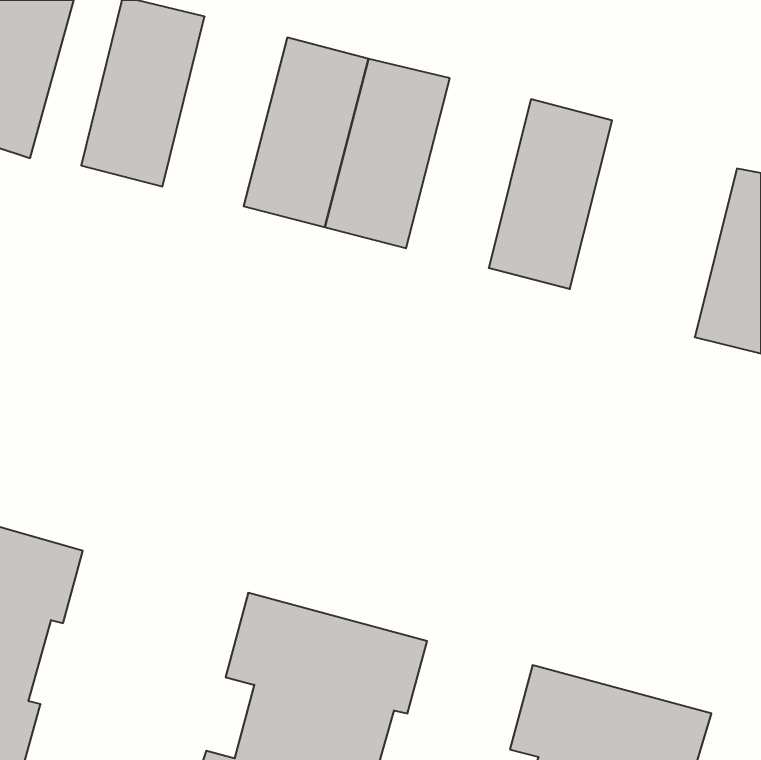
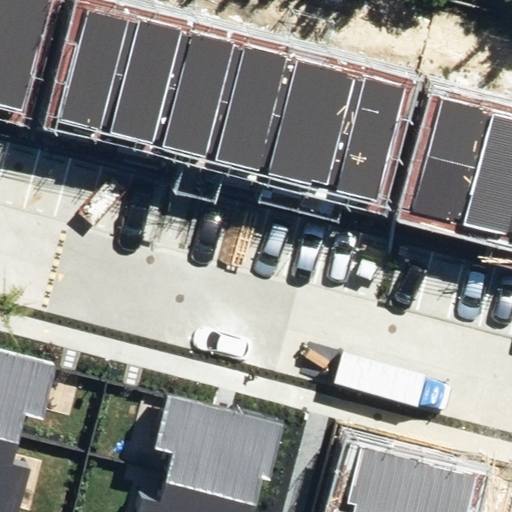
building: none -> [108,17,191,143]
building: none -> [270,58,353,184]
building: none -> [408,104,490,230]

